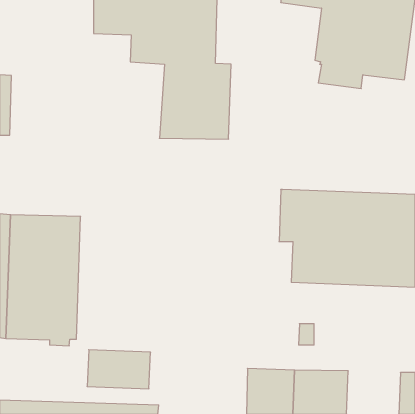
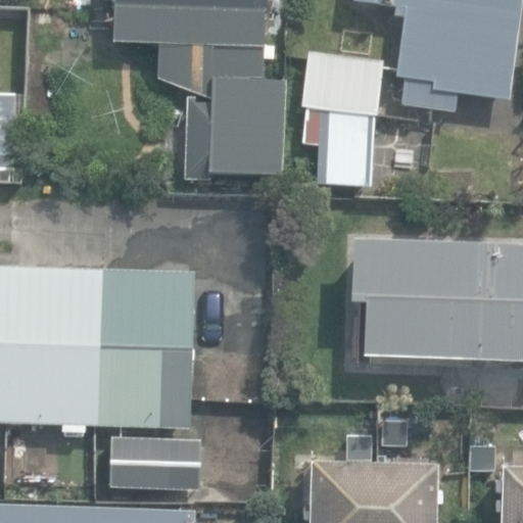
building: none -> [300,52,382,186]
building: none -> [96,272,196,429]

